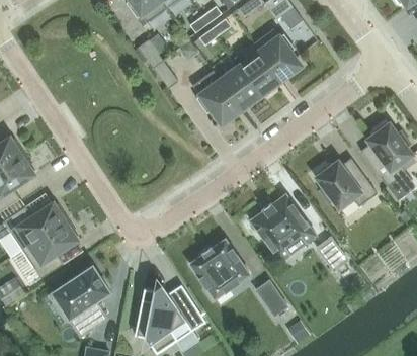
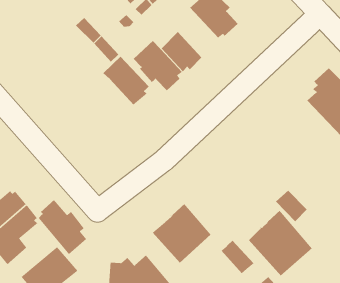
building: [234,43,279,95] -> [102,56,149,106]
building: [314,159,378,208] -> none
building: [250,194,314,261] -> [248,210,313,277]
building: none -> [38,199,87,255]

